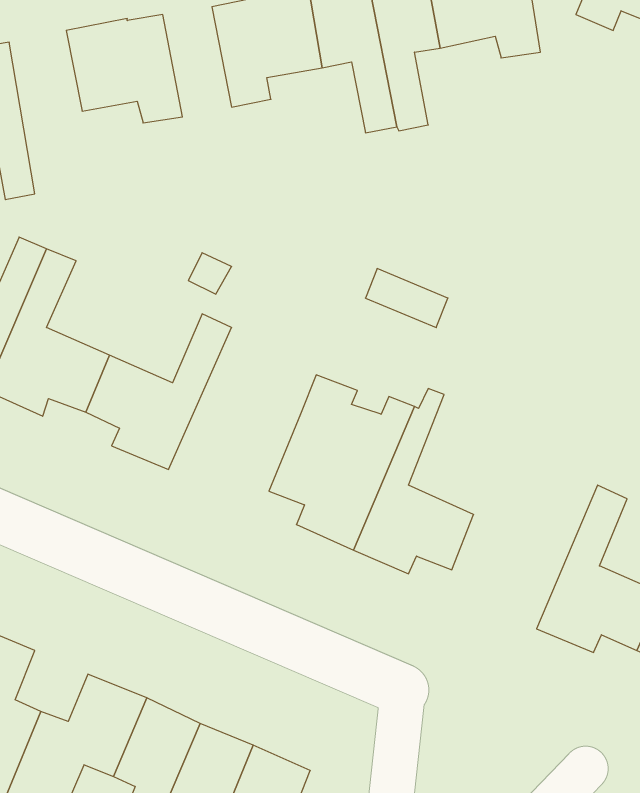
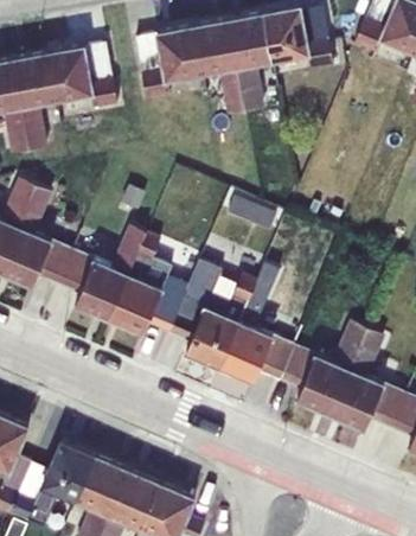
building: none -> [13,53,57,152]
building: none -> [109,232,188,333]
building: none -> [280,320,367,414]

